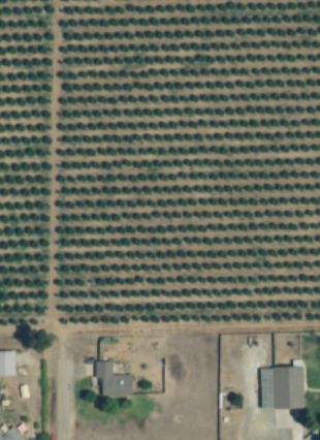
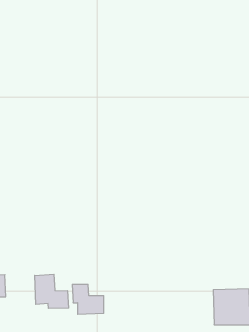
building: none -> [35,274,69,308]

